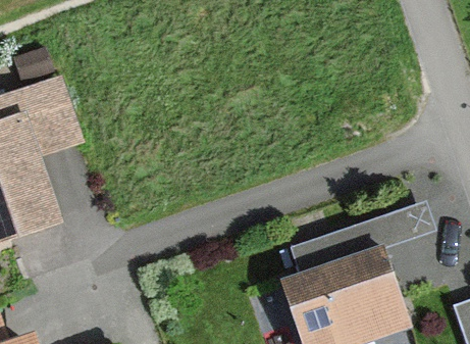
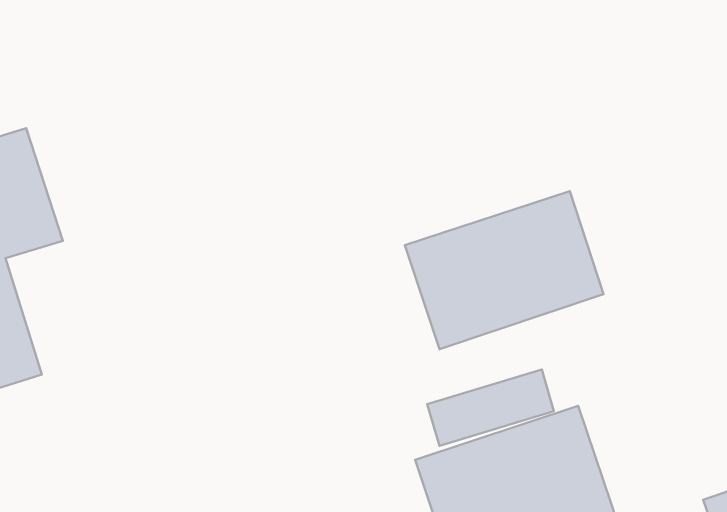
building: none -> [405,191,603,349]

